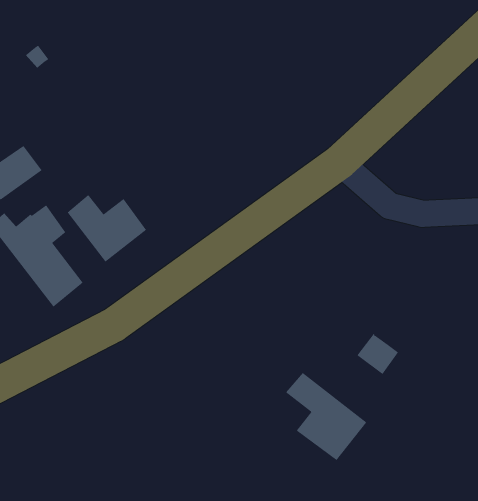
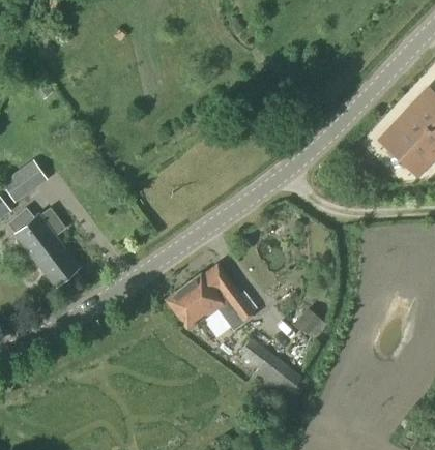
building: [67,194,147,263] -> none
building: none -> [167,264,258,331]

